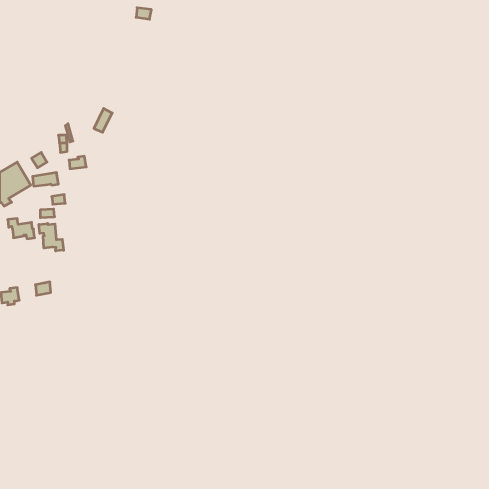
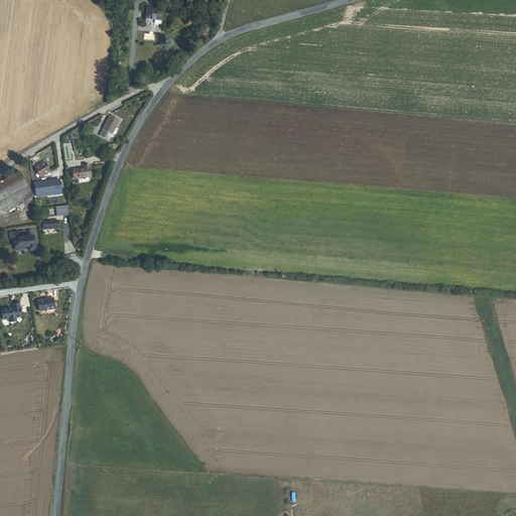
building: [39,223,64,251] -> none

